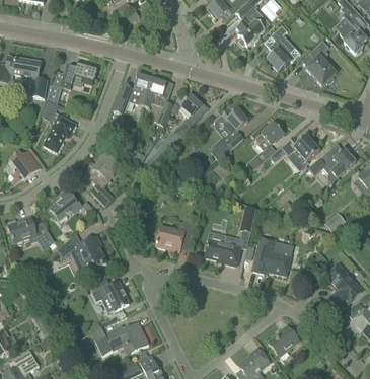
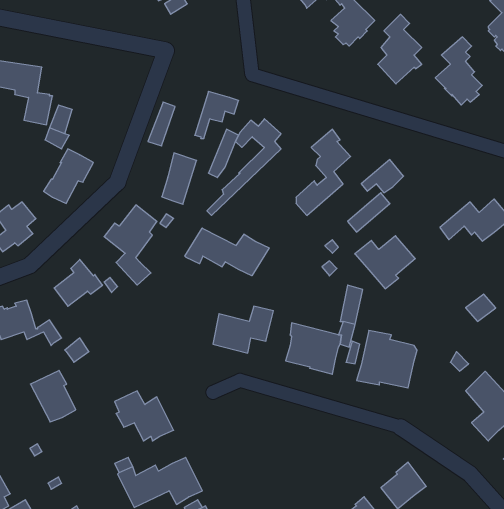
building: [60,61,96,88] -> none
building: [129,71,152,105] -> [162,153,197,204]
building: [279,134,319,169] -> [355,236,415,289]
building: none -> [185,228,269,276]
building: [76,236,106,271] -> [30,370,76,422]

